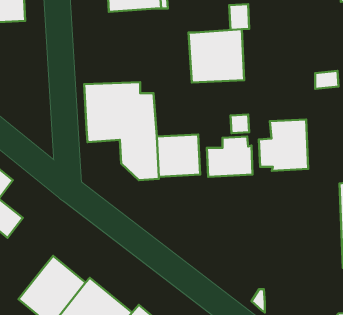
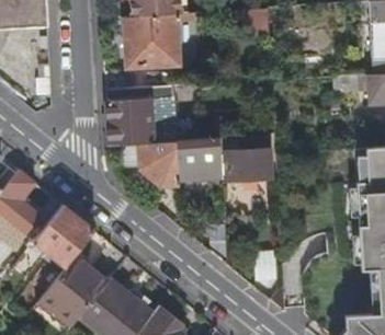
building: [188,29,244,83] -> [124,14,179,67]
building: [259,119,308,171] -> none
building: none -> [35,206,95,268]

